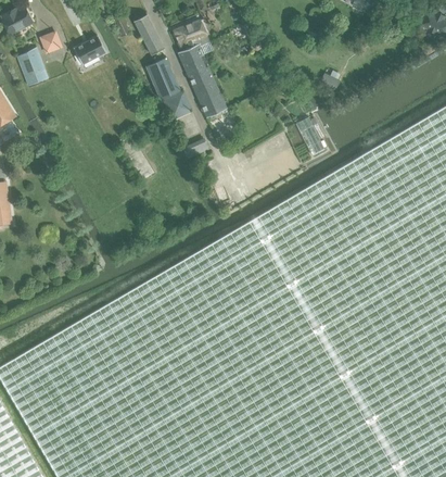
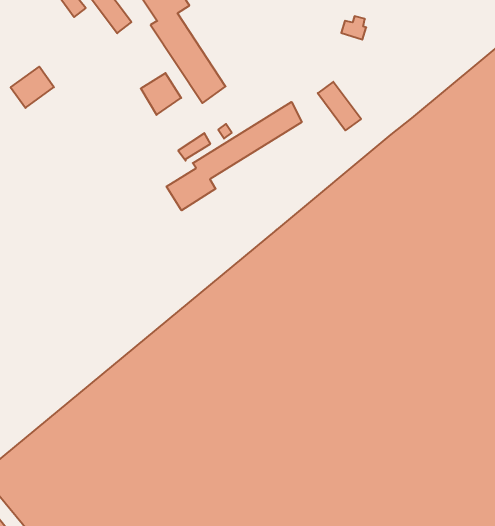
building: [72,33,104,62] -> [11,67,54,108]
building: [145,58,179,99] -> none
building: none -> [167,102,302,210]

